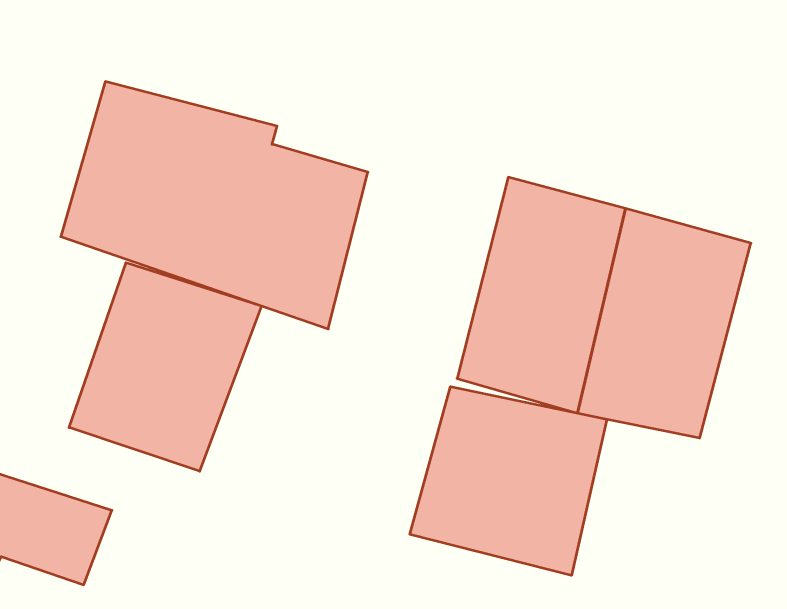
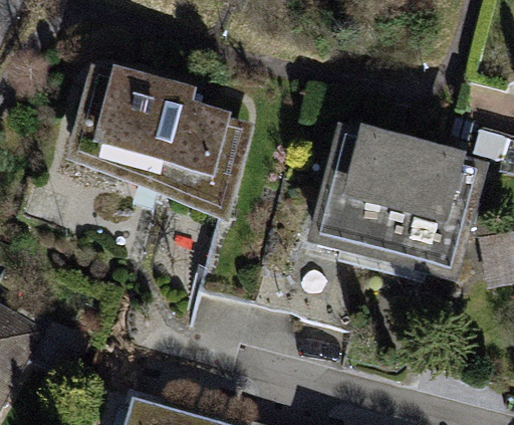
building: [69,263,262,471] -> none
building: [410,387,607,575] -> none

